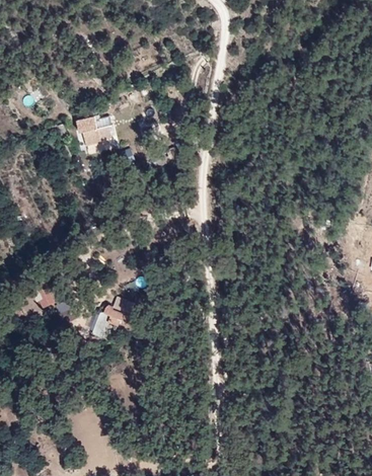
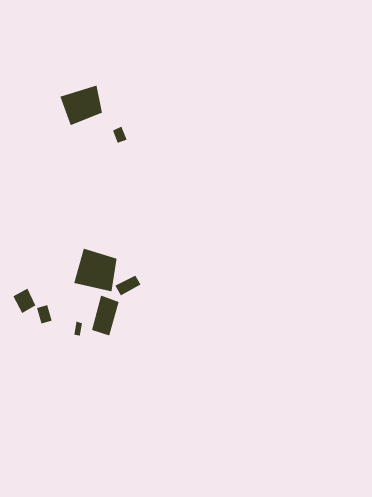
building: none -> [74,248,117,292]

